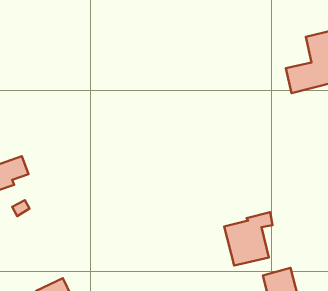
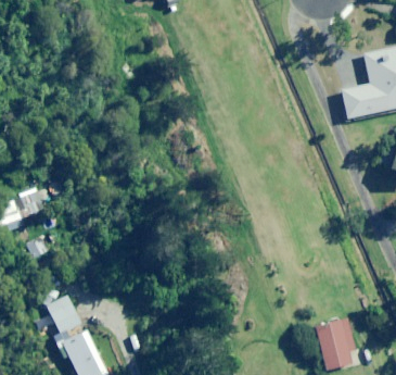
building: [224,212,273,265] -> none
building: none -> [42,289,81,333]

